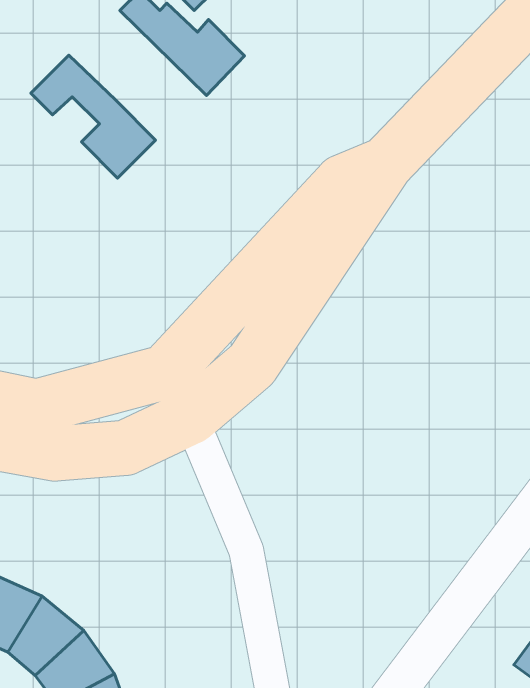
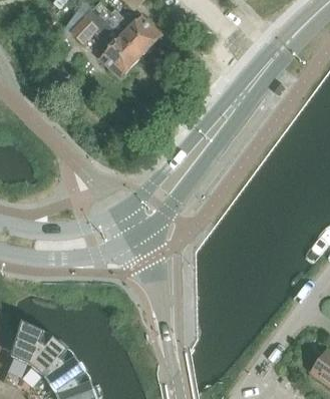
building: [31,55,155,178] -> [71,10,140,78]

